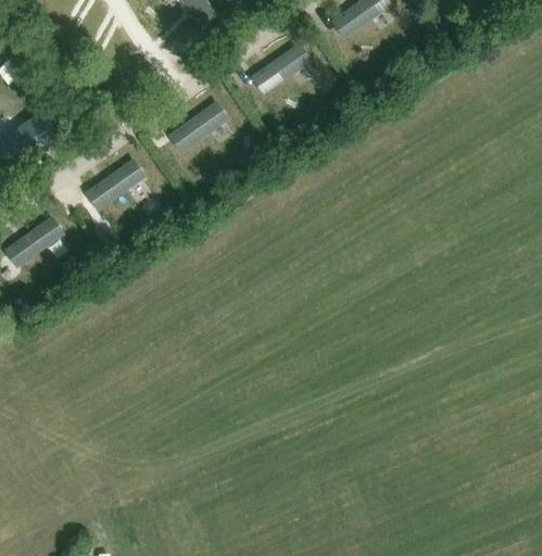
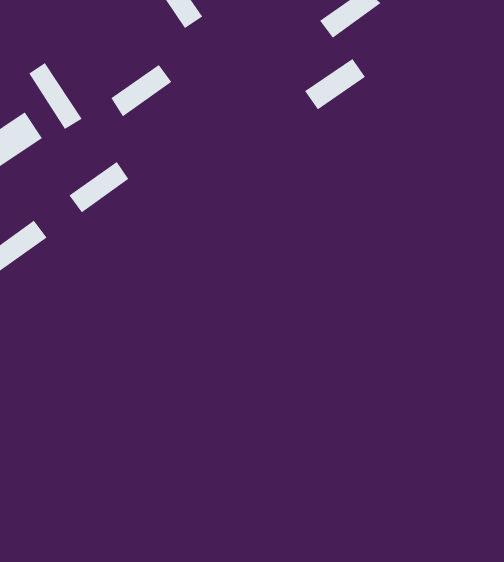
building: [252,42,313,93] -> [304,58,366,110]
building: none -> [28,62,83,130]
building: [168,101,229,153] -> [110,64,172,117]

